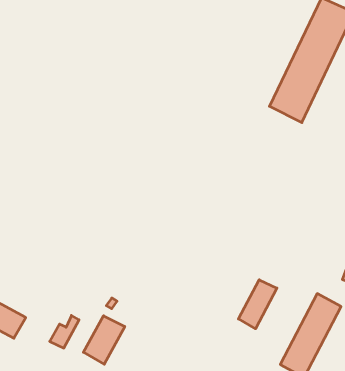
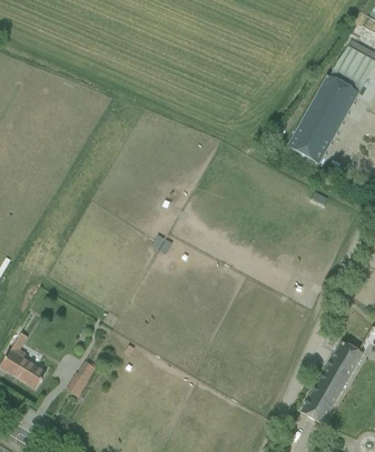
building: [238,280,277,329] -> none
building: [83,316,125,364] -> none

